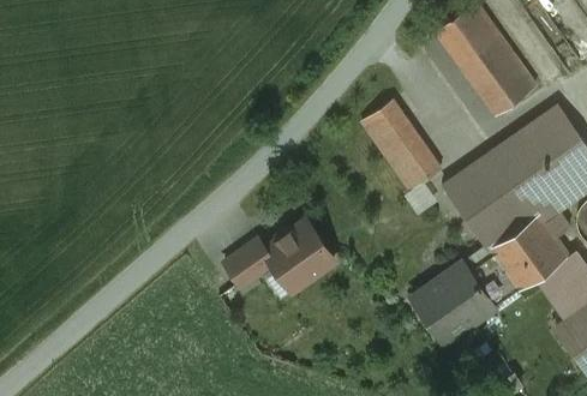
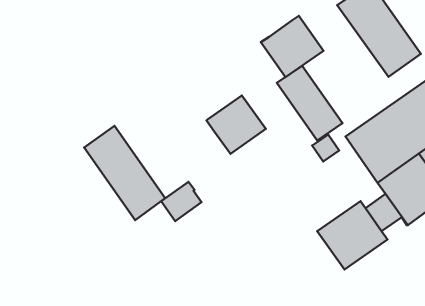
building: none -> [261,16,323,77]
building: none -> [84,126,165,220]
building: [263,220,334,289] -> [206,95,266,154]

